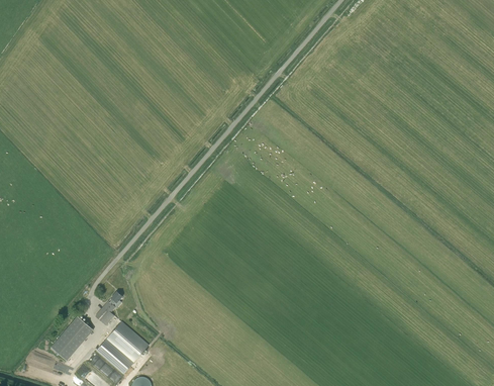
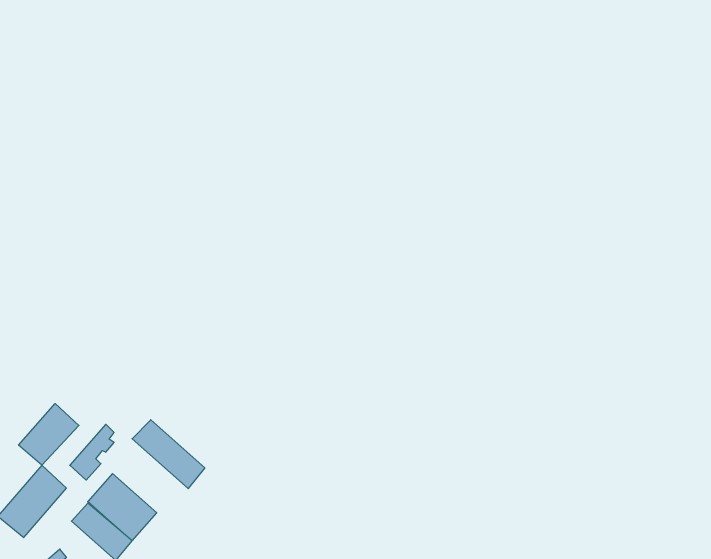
building: none -> [19,404,79,465]
building: none -> [132,420,205,489]

